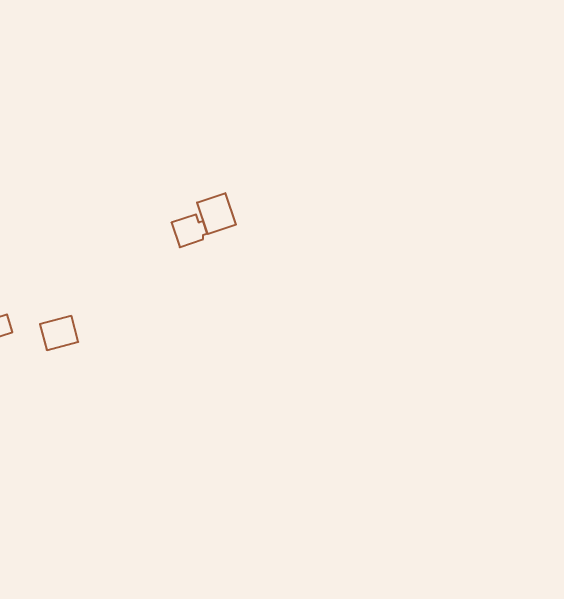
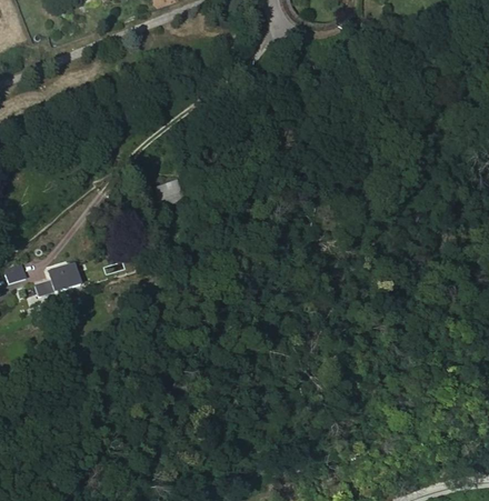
building: [197,193,236,234] -> none

